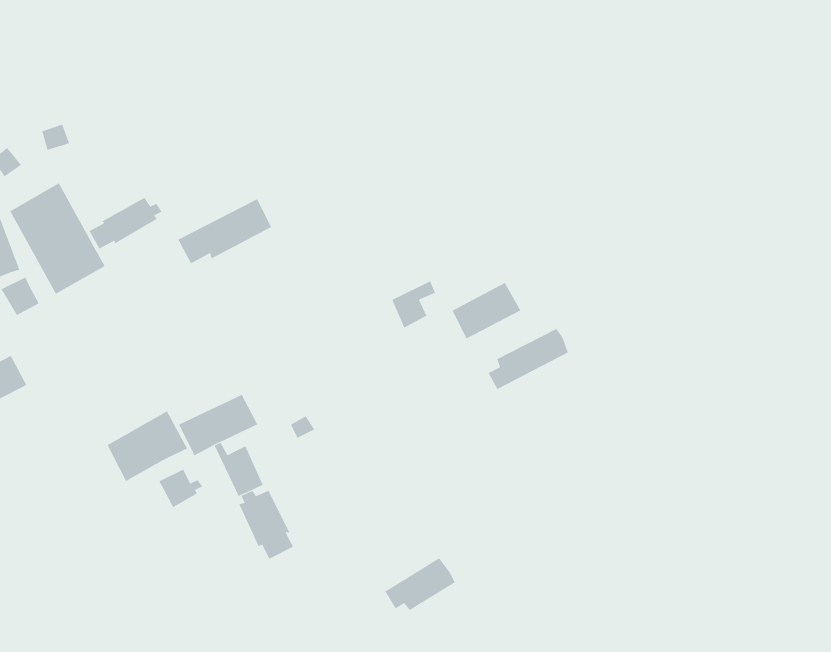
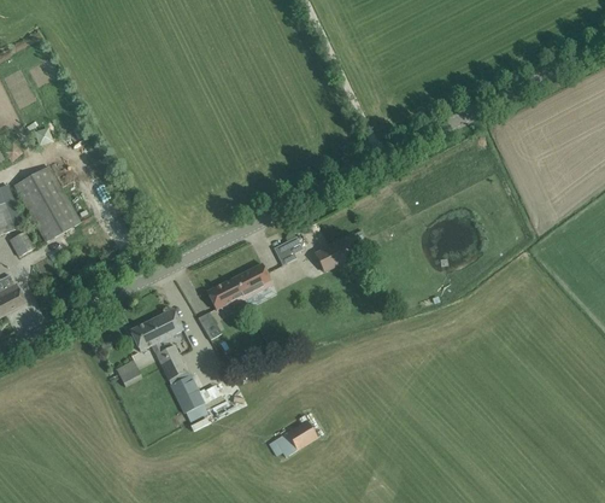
building: [89,197,162,250] -> none
building: [178,199,272,264] -> [206,264,270,309]
building: [488,328,568,390] -> none
building: [107,410,188,482] -> none

